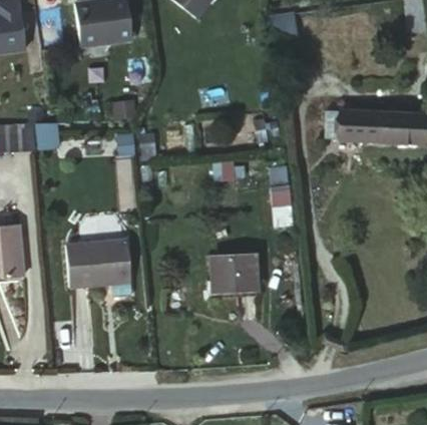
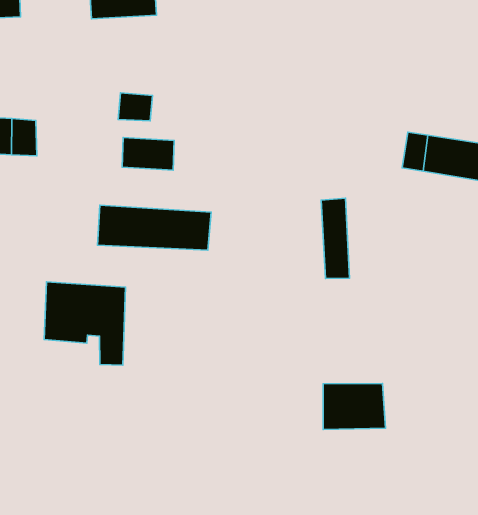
building: none -> [98,205,211,250]
building: [210,254,260,292] -> [323,383,385,429]

